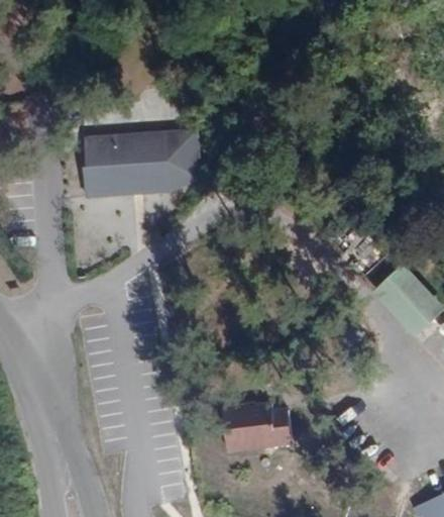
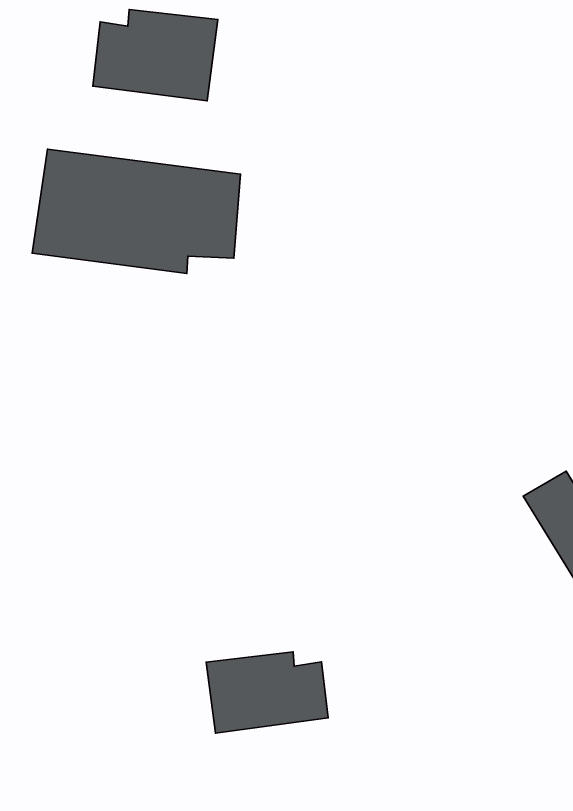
building: none -> [93,10,218,101]

